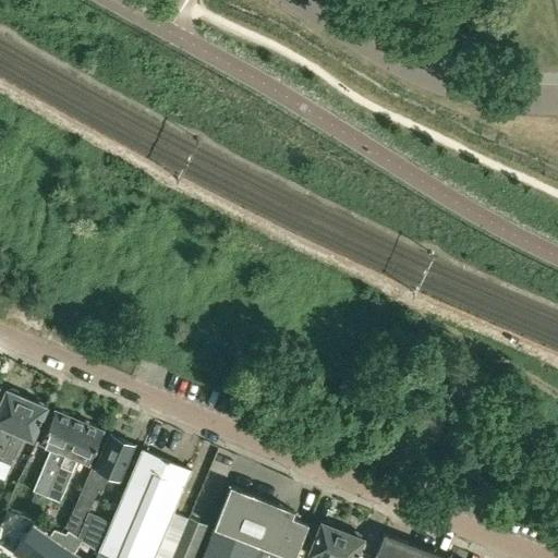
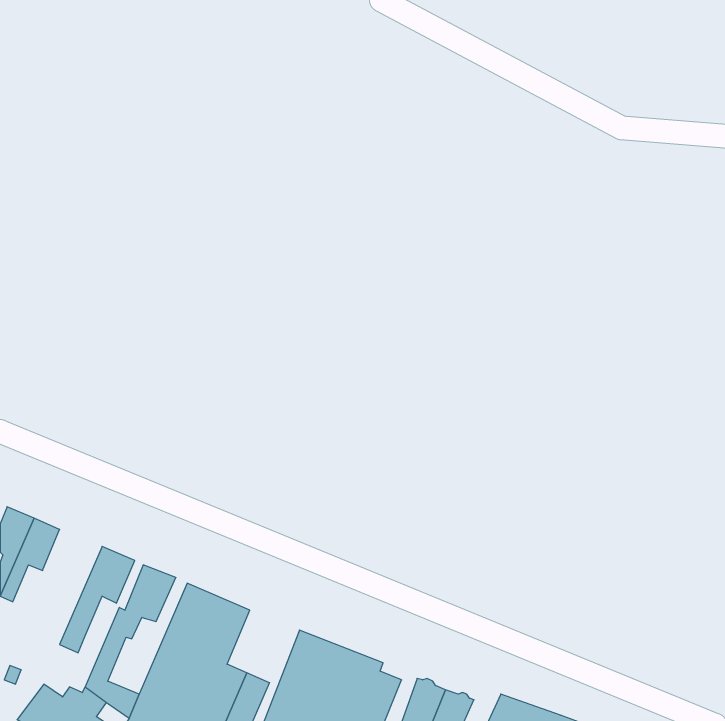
building: [33,413,78,498] -> none

